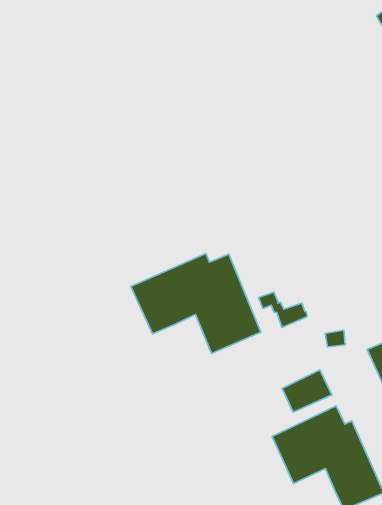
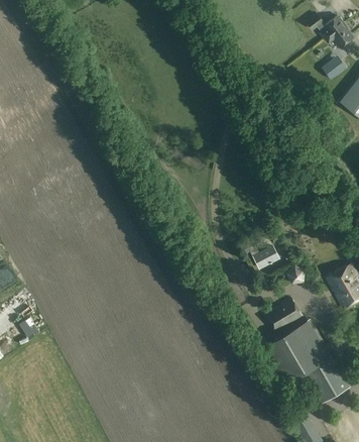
building: [131,254,261,353] -> none

